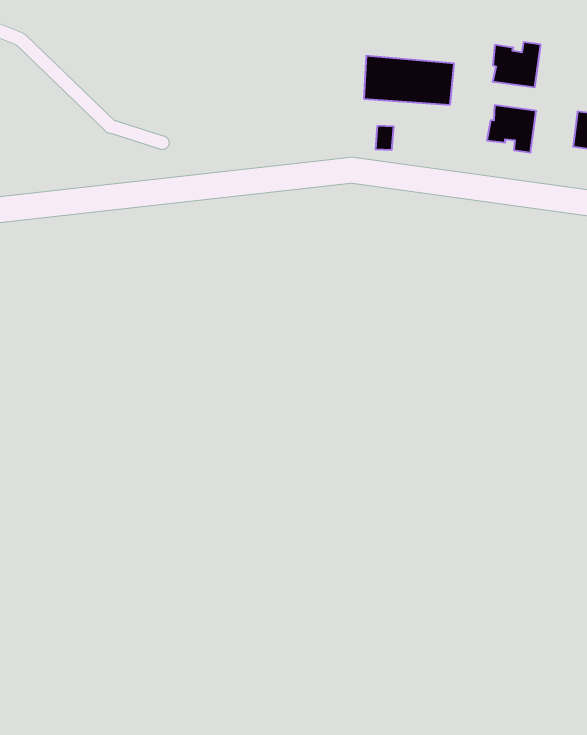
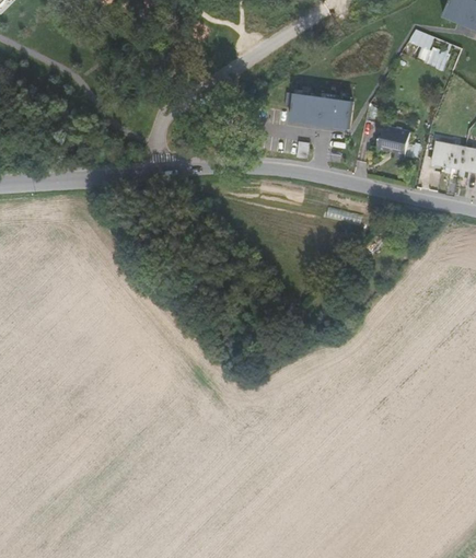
building: [493,42,540,87] -> none

